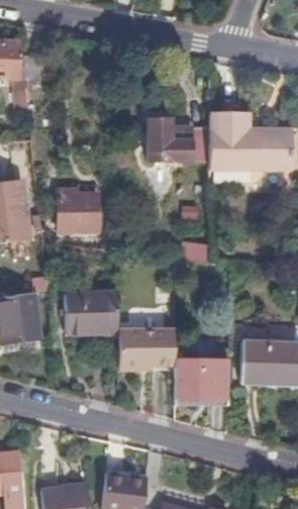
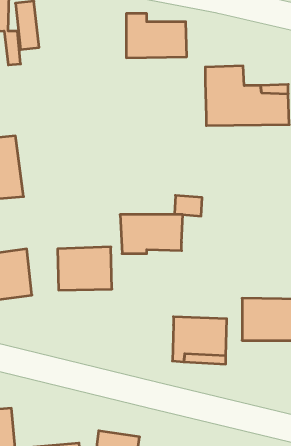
building: [152,119,211,163] -> [126,14,187,58]
building: [57,189,99,230] -> none
building: [118,331,180,370] -> [120,215,183,254]

